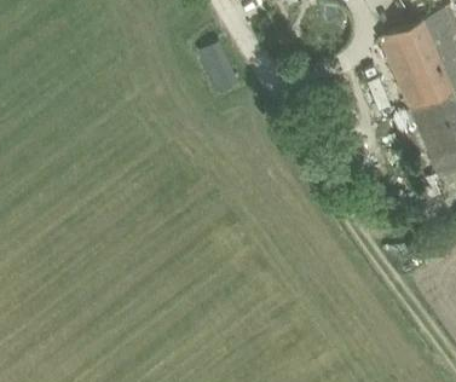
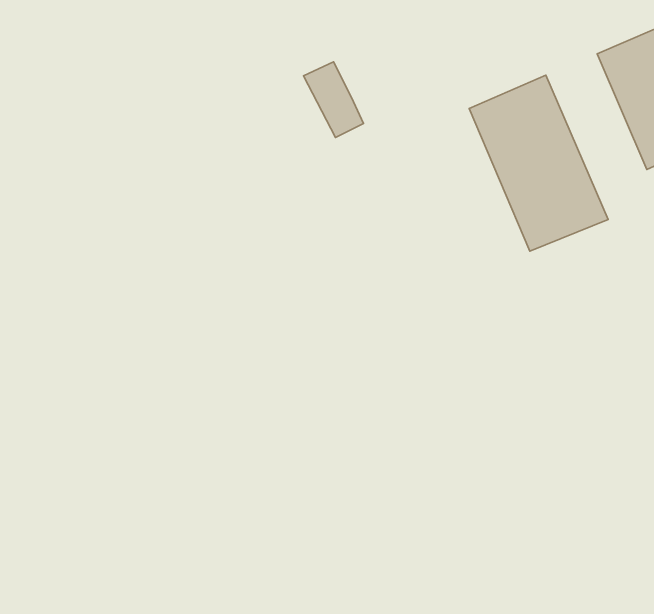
building: none -> [469,75,608,251]

